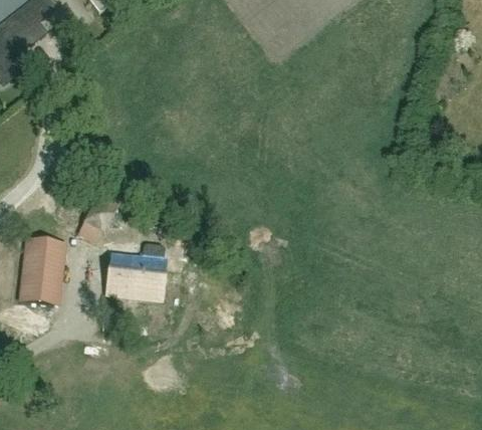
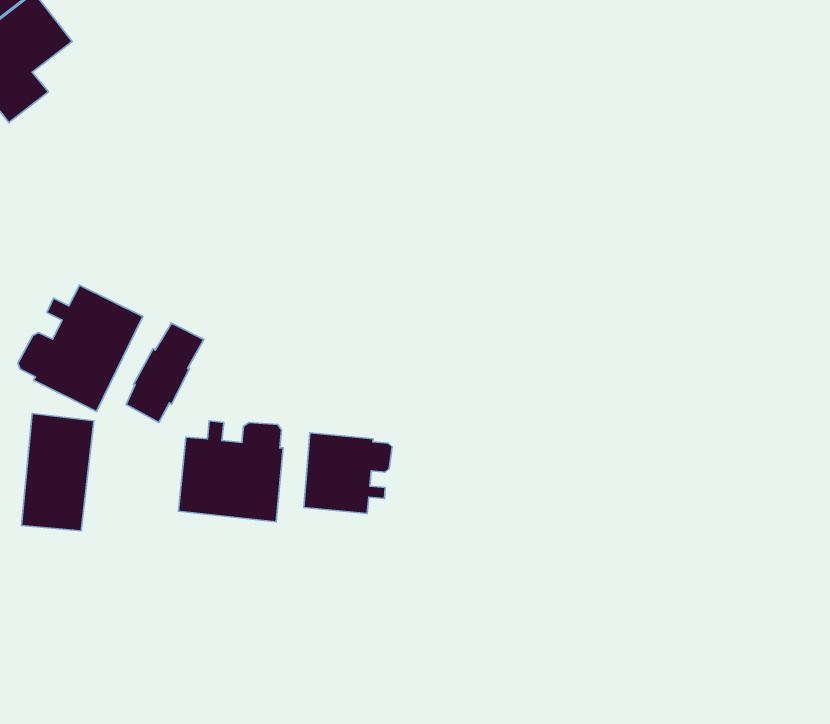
building: none -> [18,285,143,412]
building: none -> [304,433,392,514]

